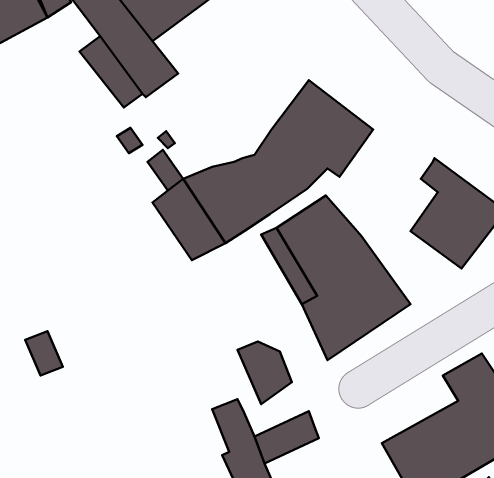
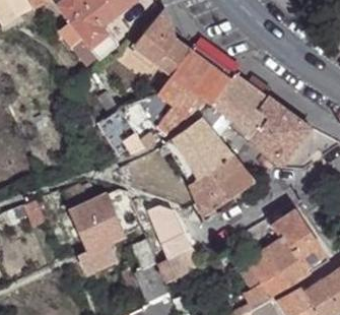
building: none -> [135,10,194,78]
building: none -> [212,74,271,139]
building: none -> [66,184,128,275]

